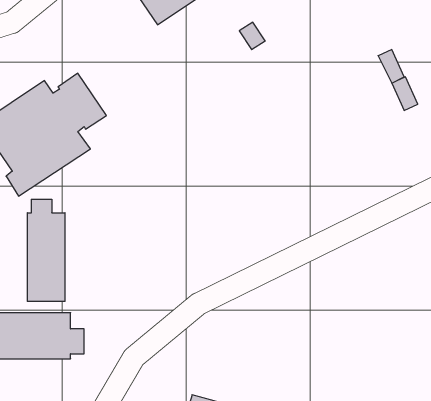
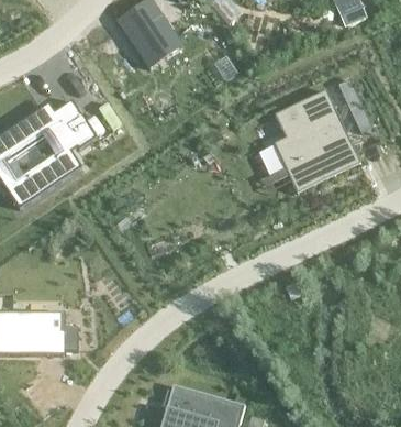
building: none -> [258,90,360,194]
building: [27,199,65,301] -> none

